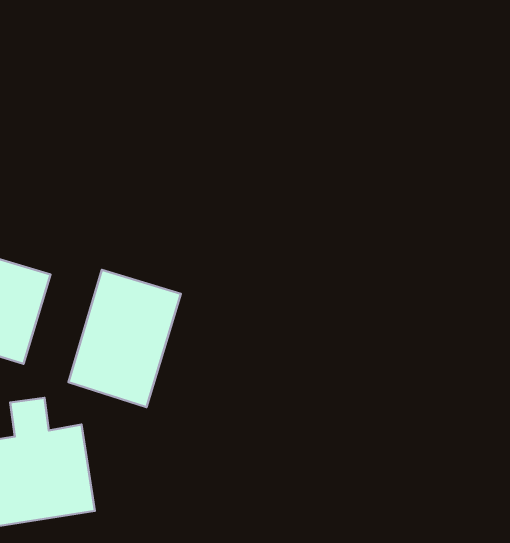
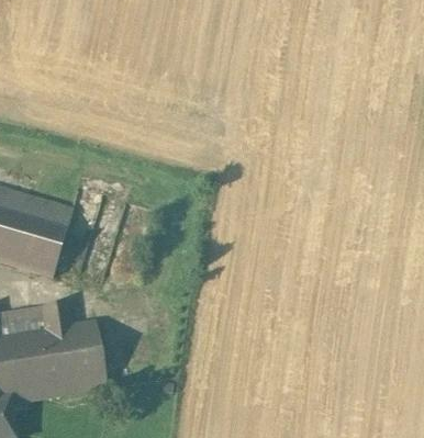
building: [68,270,181,407] -> none

